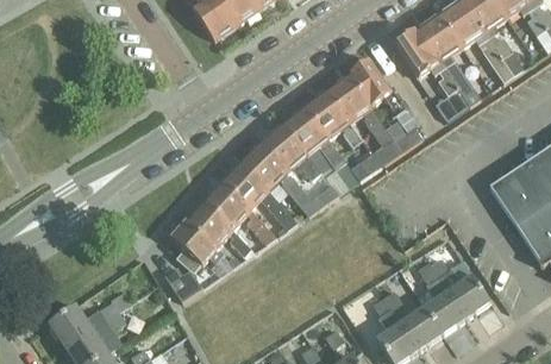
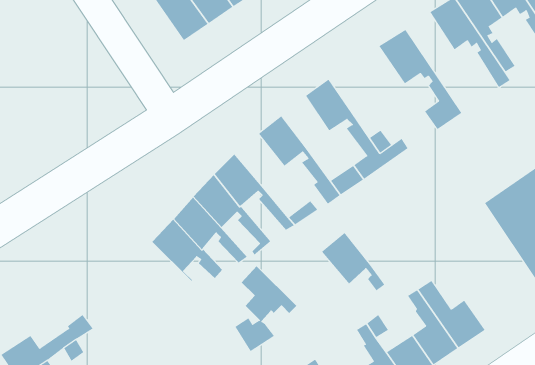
building: [419,12,480,103] -> none
building: [349,57,403,111] -> none
building: [306,88,362,145] -> none
building: [263,123,321,176] -> [321,232,385,291]
building: [167,220,224,299] -> [234,265,297,352]

